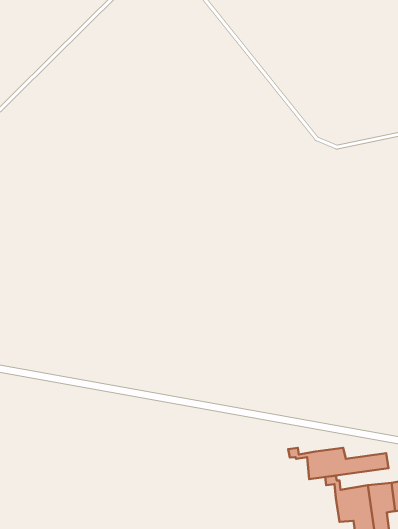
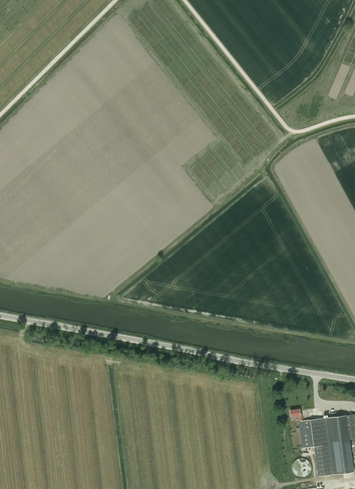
building: [288,448,389,479] -> none

